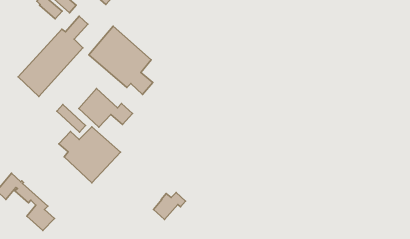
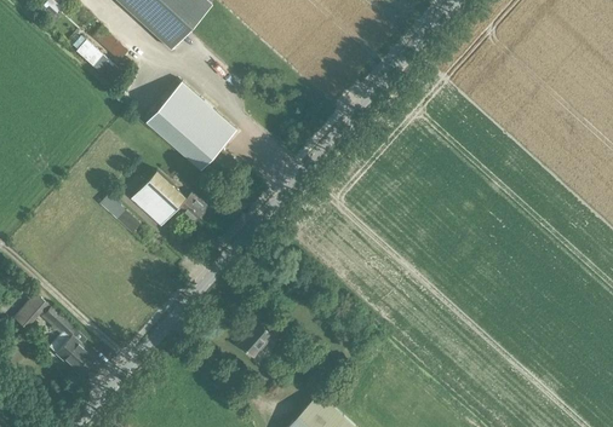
building: [18,16,88,97] -> none
building: [59,127,120,183] -> none

